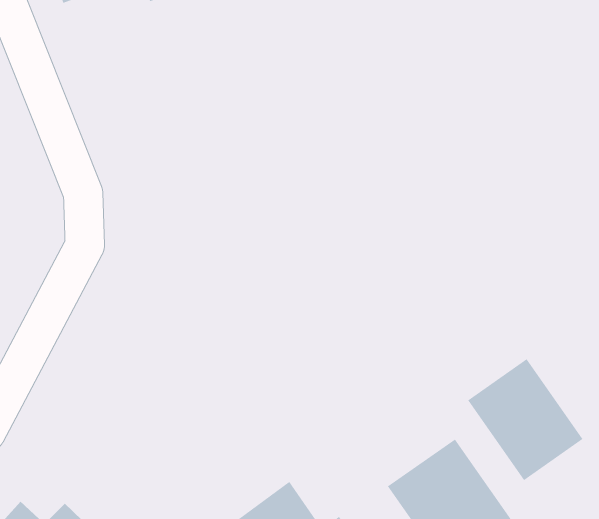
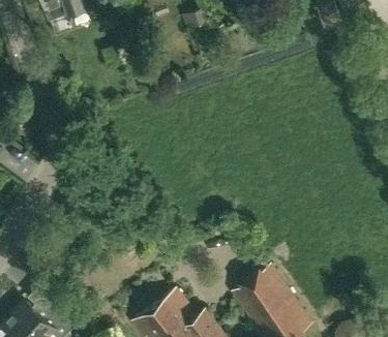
building: [467,358,584,481] -> none

